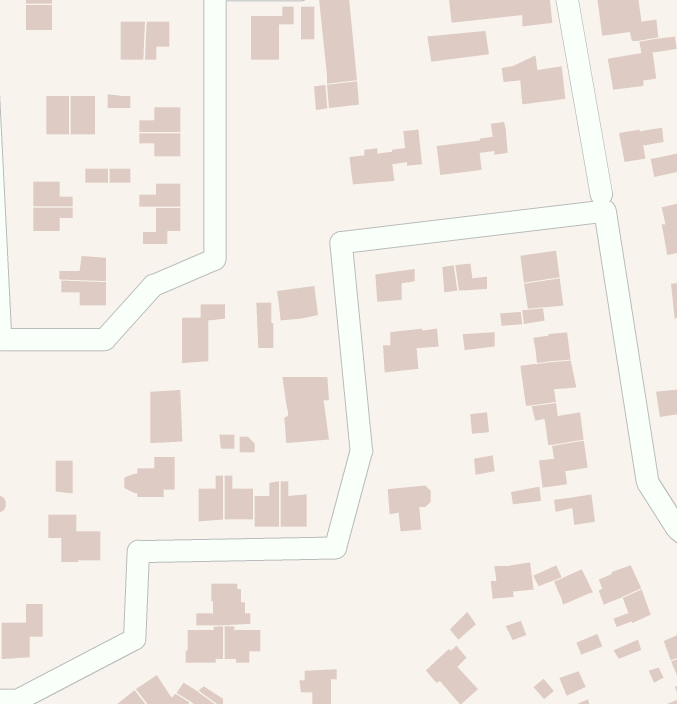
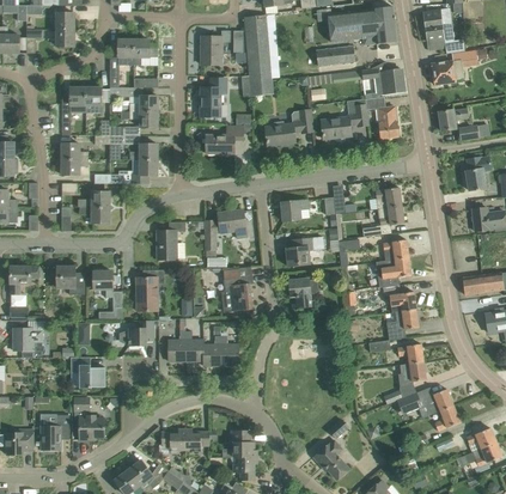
building: none -> [200,78,225,116]
building: none -> [365,97,398,138]
building: none -> [206,126,243,152]
building: none -> [56,266,84,294]
building: none -> [93,268,122,306]
building: [387,485,431,532] -> [288,278,317,307]
building: [490,562,534,599] -> [397,361,426,385]
building: none -> [73,396,104,439]
building: [196,583,251,626] -> [221,429,257,457]

